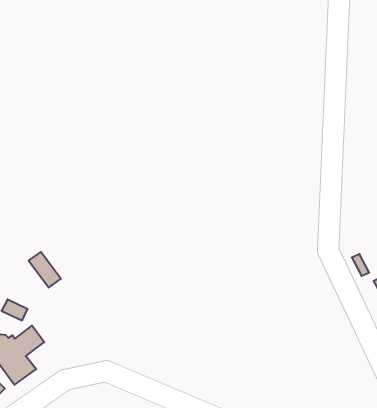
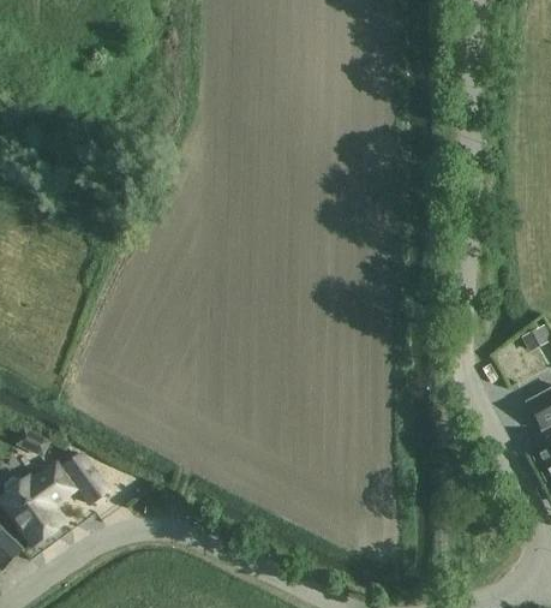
building: [29,252,61,288] -> [62,453,107,502]

